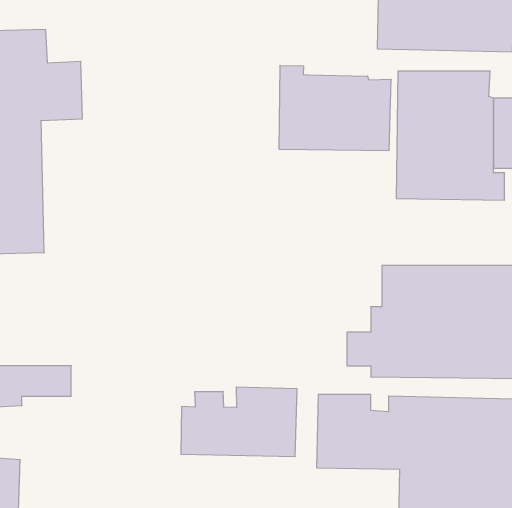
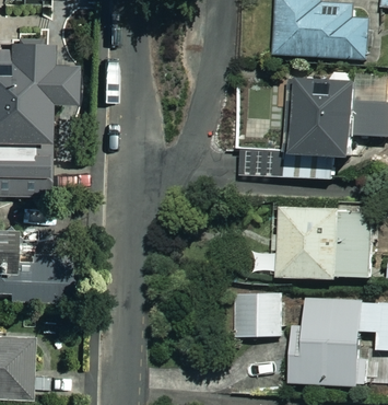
building: [279,65,391,151] -> none
building: [181,387,297,457] -> none

